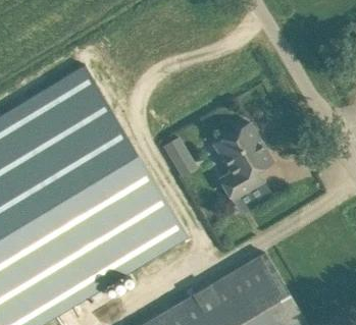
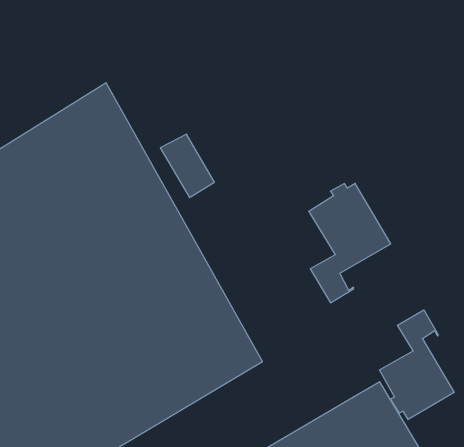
building: [164,137,200,178] -> [160,134,214,198]
building: none -> [379,310,454,420]

